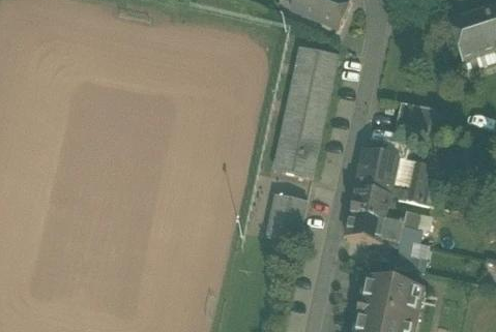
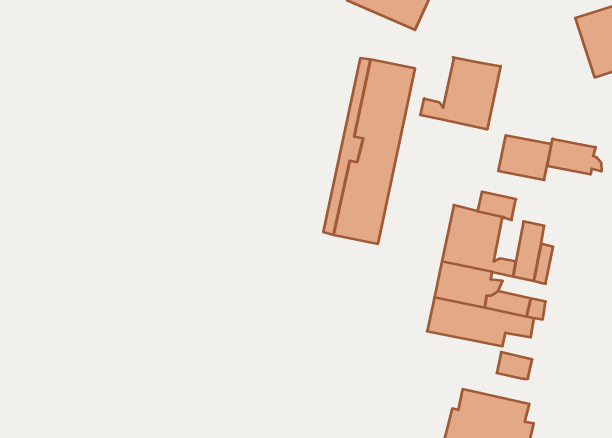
building: none -> [420,57,501,129]
building: none -> [547,139,601,174]
building: [266,190,307,237] -> none

